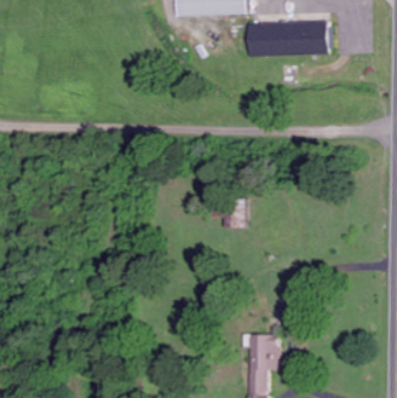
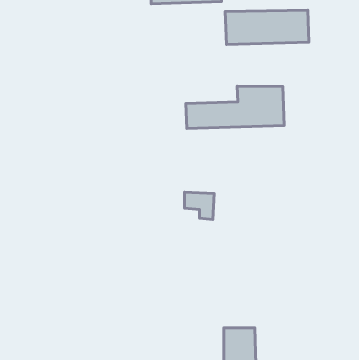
building: none -> [186,86,284,129]

